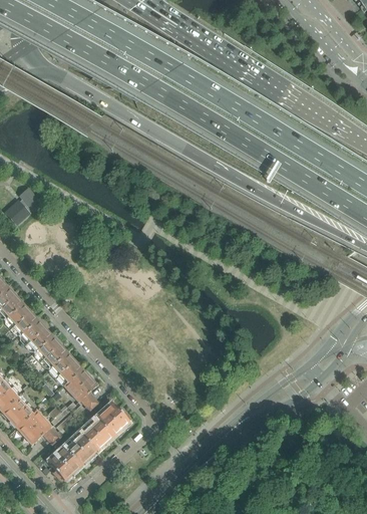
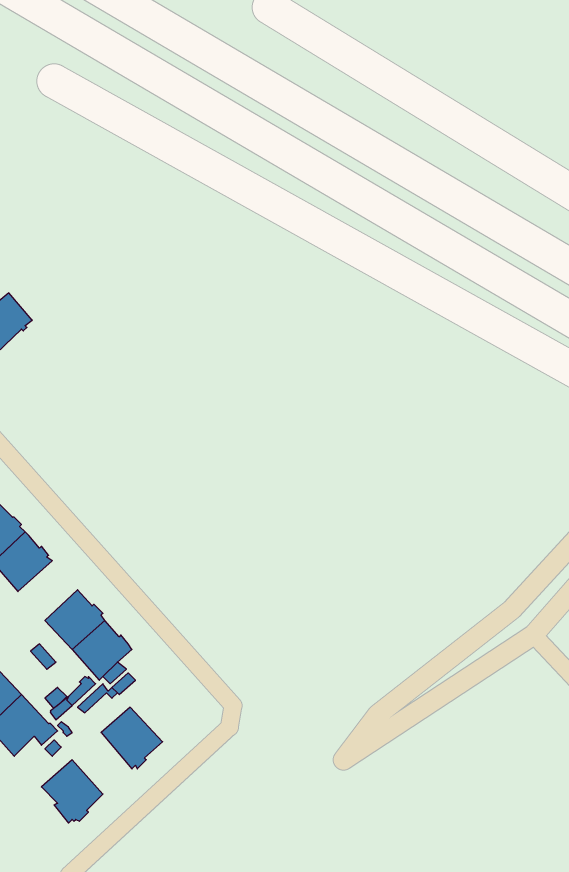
building: [33,334,66,367] -> none
building: [95,401,130,435] -> none
building: [63,430,96,464] -> none

